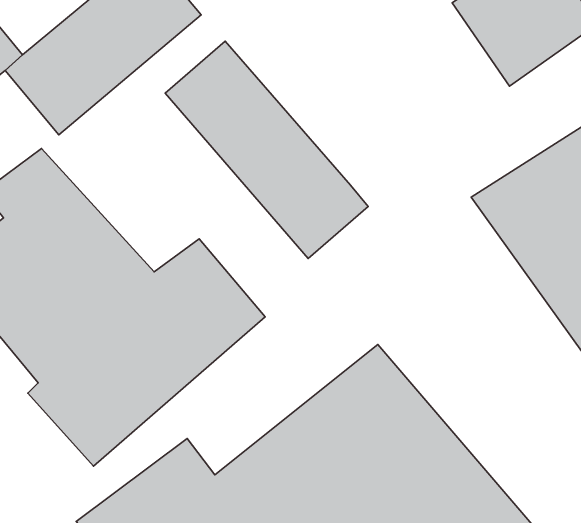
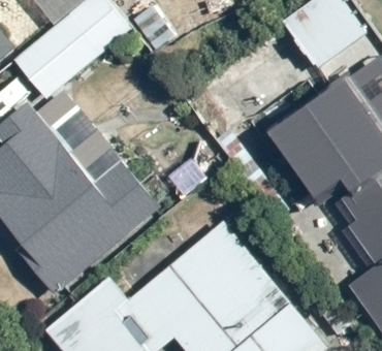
building: [165,41,368,259] -> none

